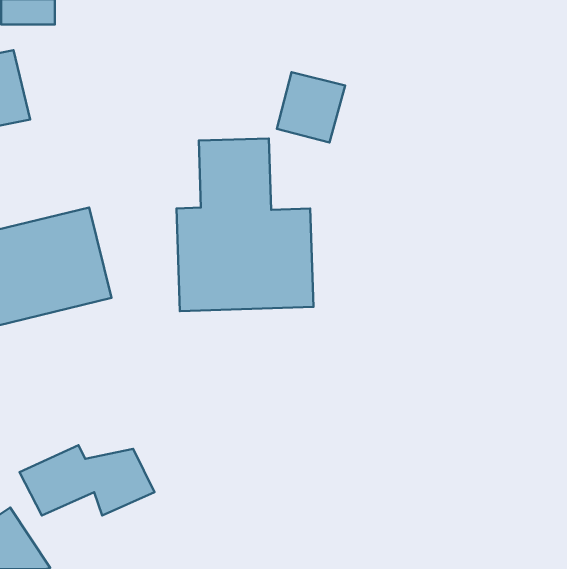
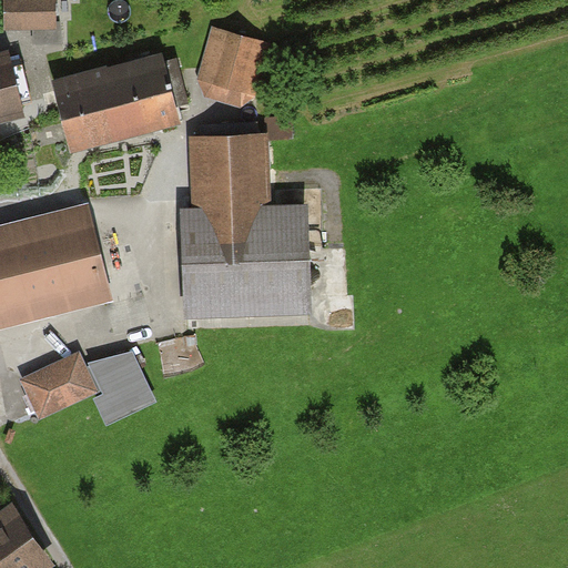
building: none -> [51,58,173,155]
building: [277,72,345,142] -> [196,31,264,101]
building: [19,445,155,516] -> [20,347,154,417]

